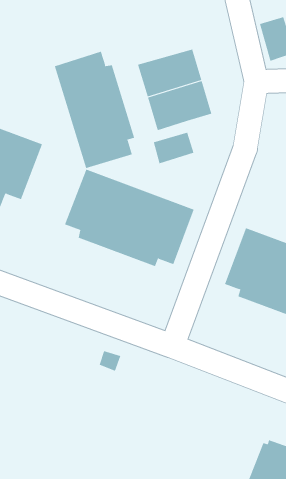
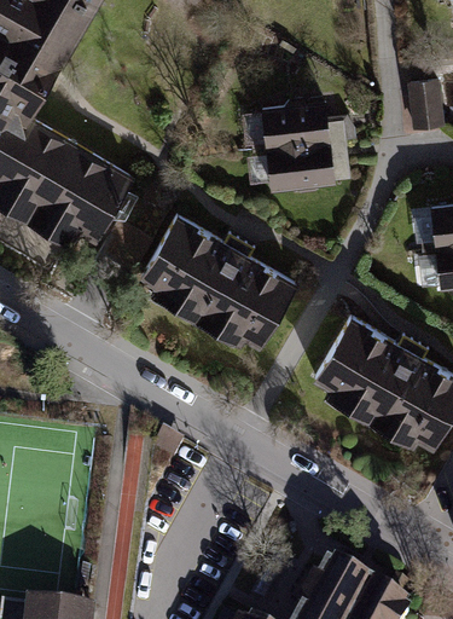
building: [54,51,135,169] -> none
building: [153,132,194,164] -> none

